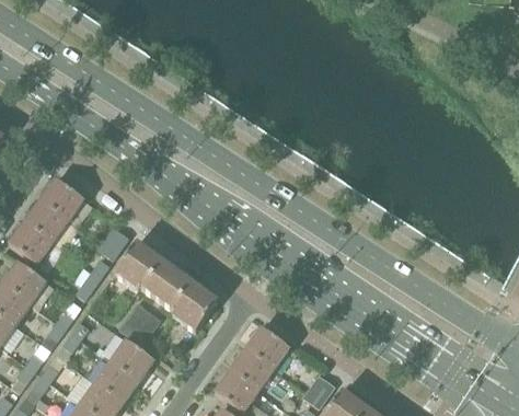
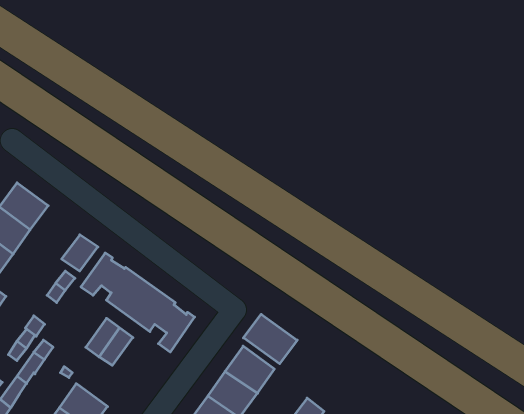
building: none -> [243,314,297,364]
building: [111,338,154,381] -> none

